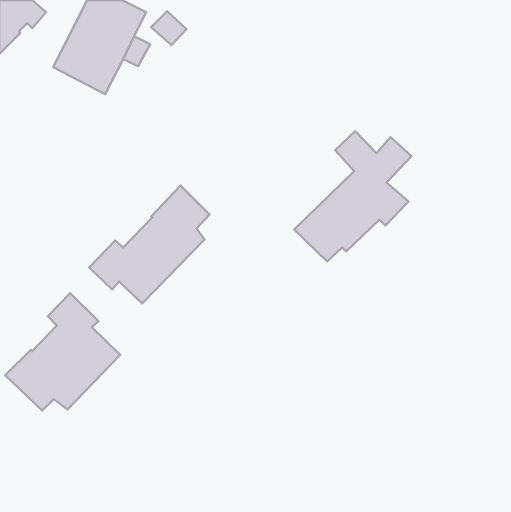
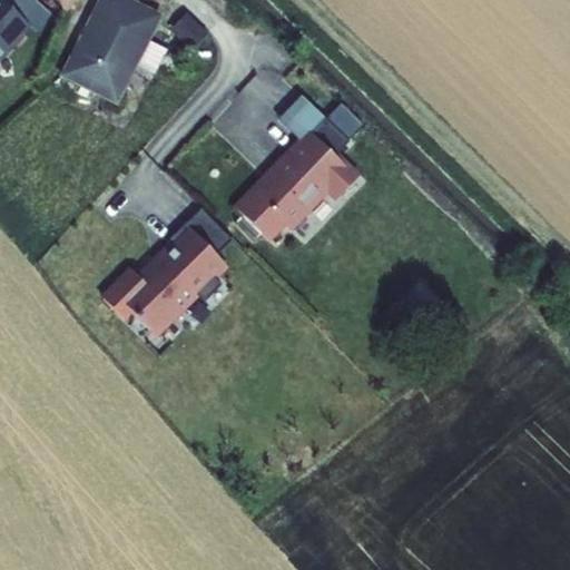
building: [294,131,411,262] -> [233,96,363,240]
building: [5,293,120,411] -> none

